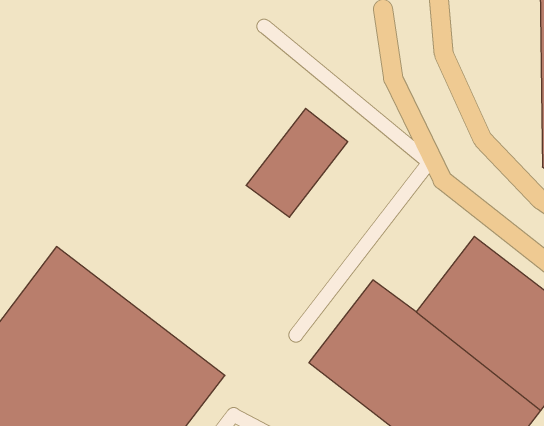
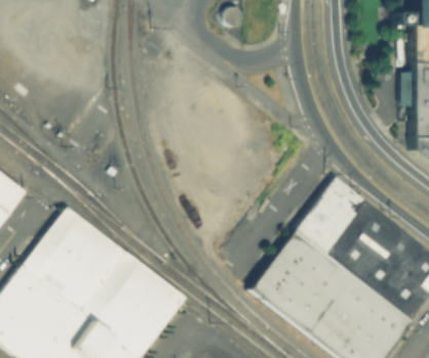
building: [246,108,348,217] -> [291,175,363,252]

